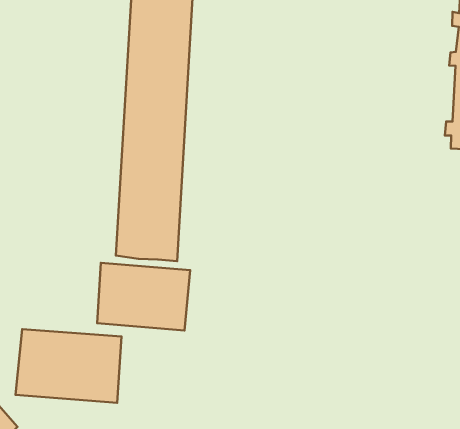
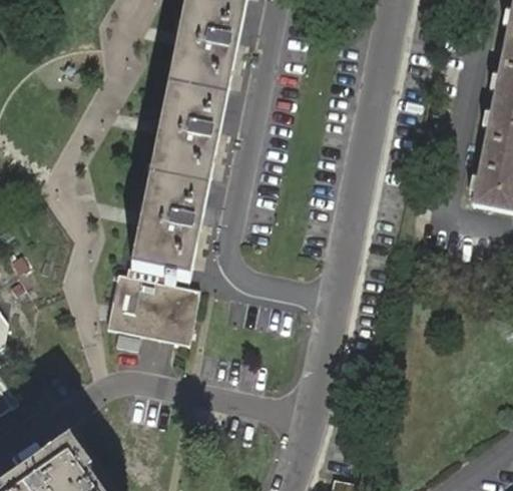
building: [16,329,121,403] -> none

